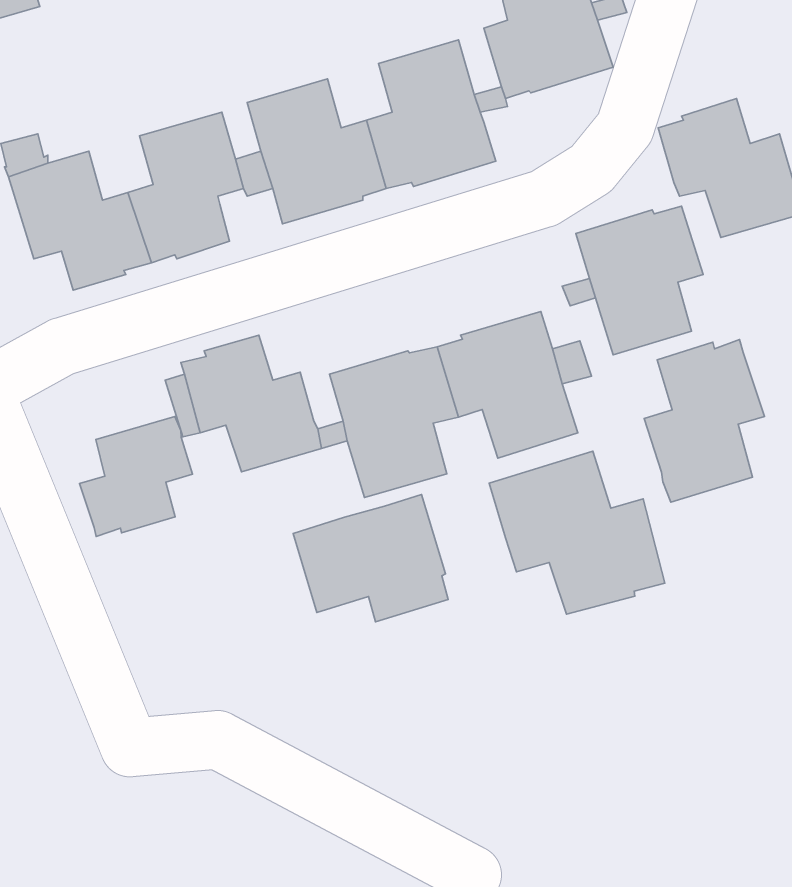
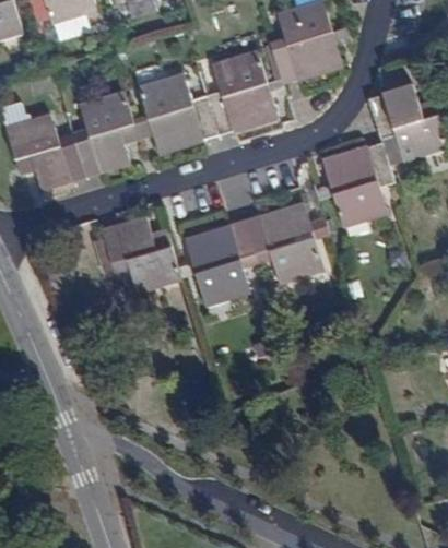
building: [644,339,764,502] -> none
building: [80,417,193,537] -> none
building: [489,451,665,614] -> none
building: [293,495,448,622] -> none

